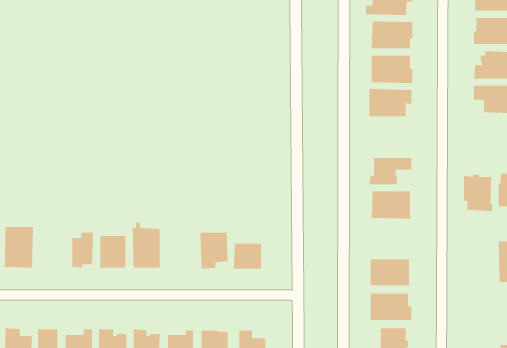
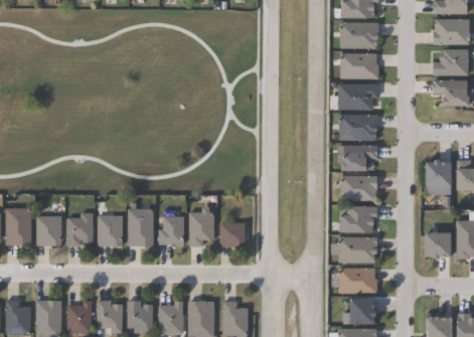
building: none -> [341,115,379,141]
building: none -> [342,207,379,233]
building: none -> [41,216,67,246]
building: none -> [157,217,182,246]
building: none -> [424,233,450,260]

